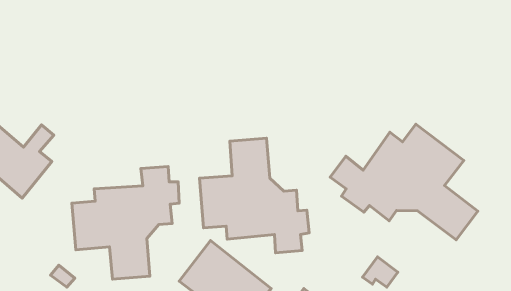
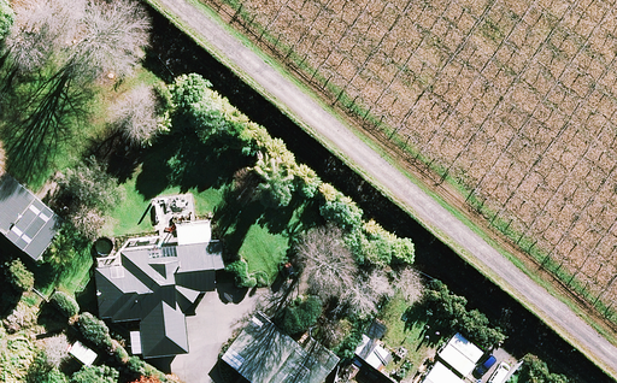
building: [330,124,478,240] -> none
building: [200,138,309,253] -> none

